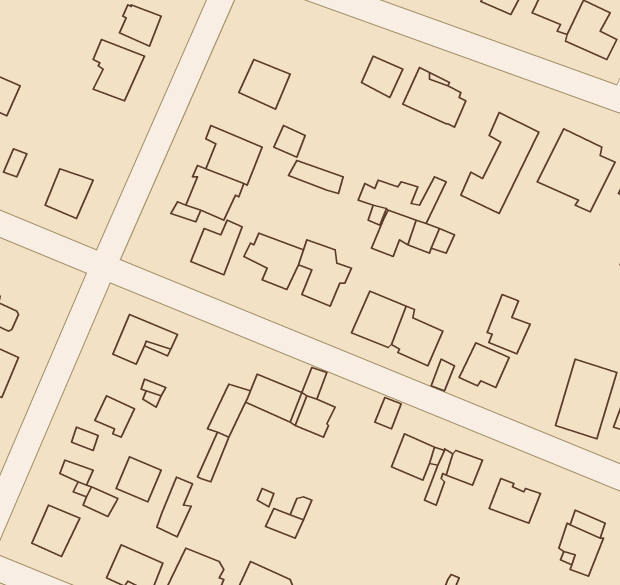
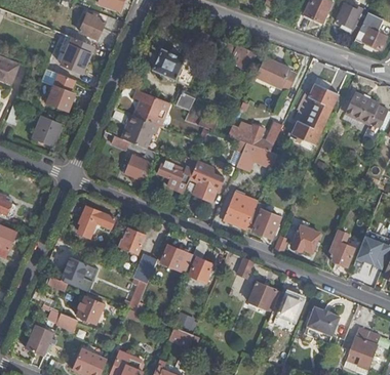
building: none -> [48,75,76,112]
building: [487,294,530,354] -> [327,230,354,266]
building: none -> [118,230,145,254]
building: [157,477,192,537] -> none

